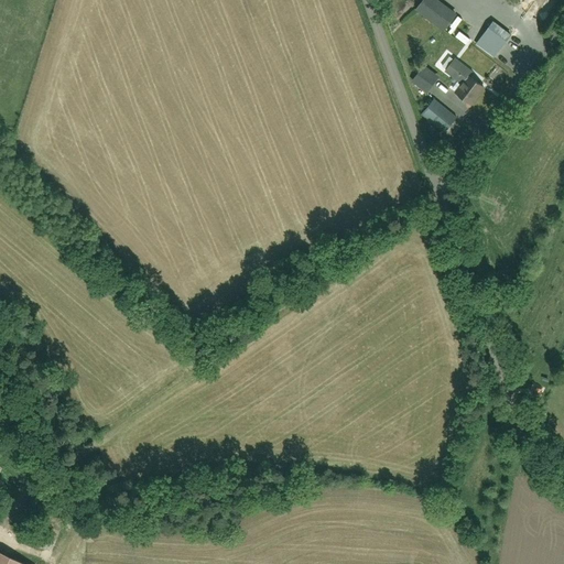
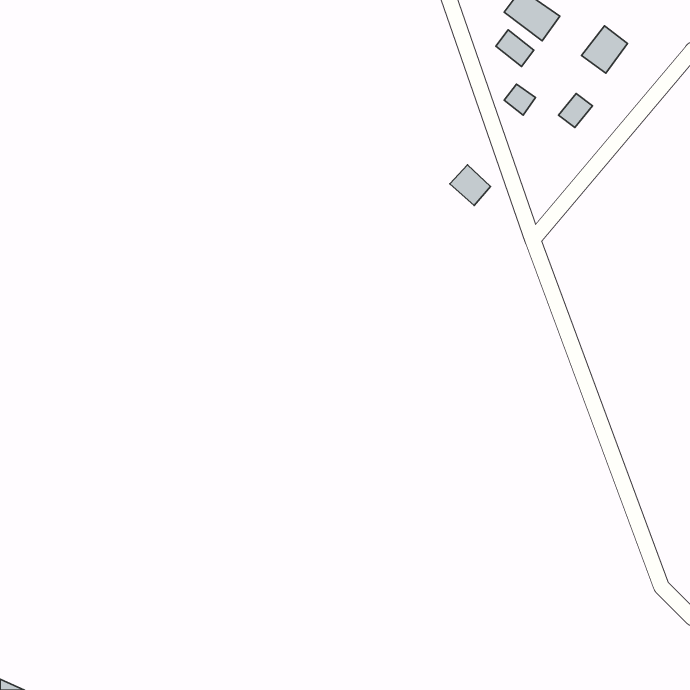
building: [441,53,471,83] -> [496,30,534,66]
building: [423,98,456,131] -> [450,165,490,205]

